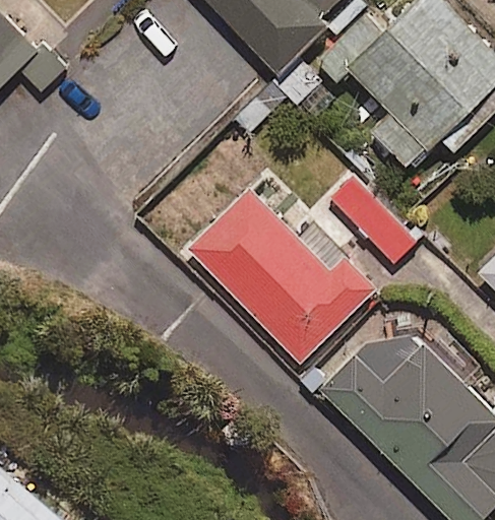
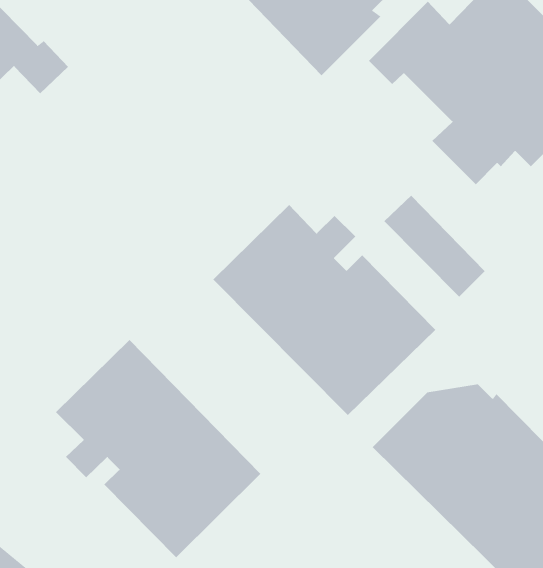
building: none -> [55,339,261,558]

